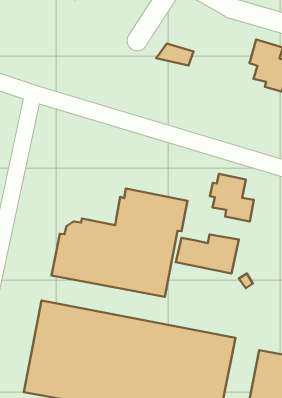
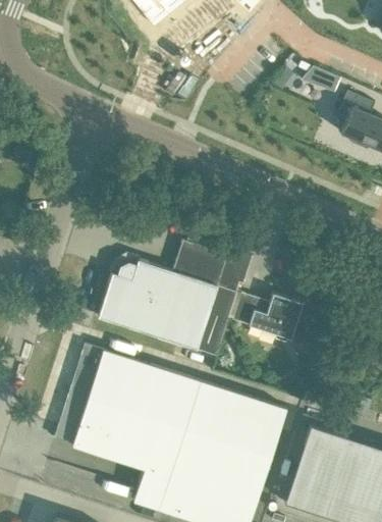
building: [156,43,193,66] -> [301,68,341,95]
building: [210,174,254,222] -> none

